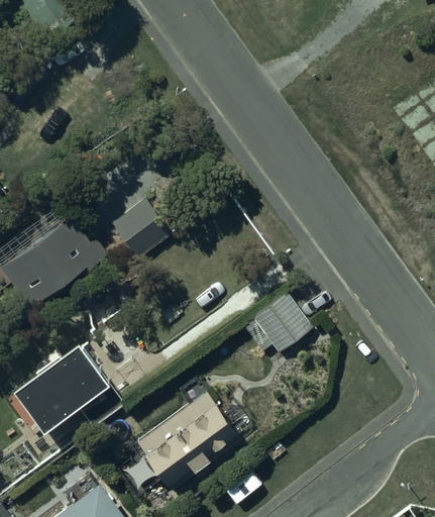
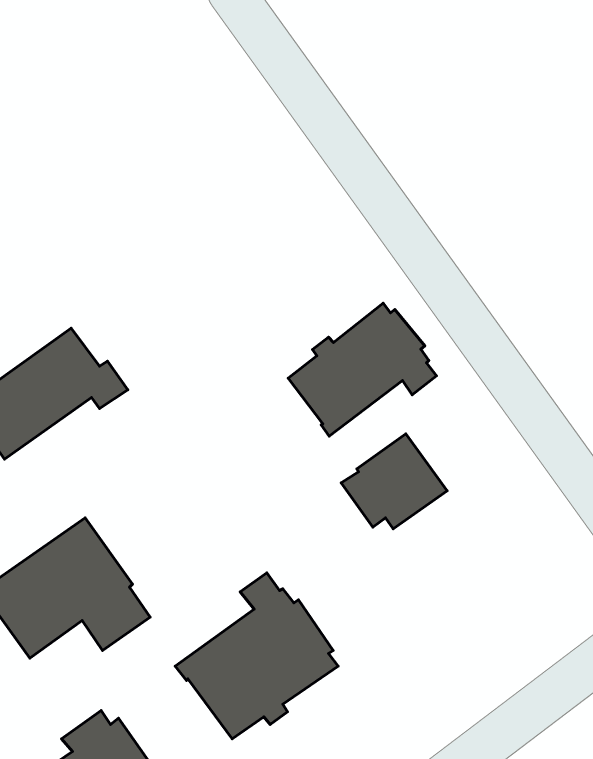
building: [112,200,167,253] -> none
building: none -> [288,303,437,436]

